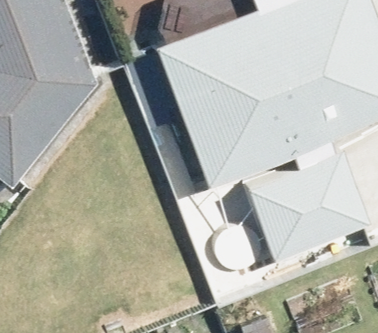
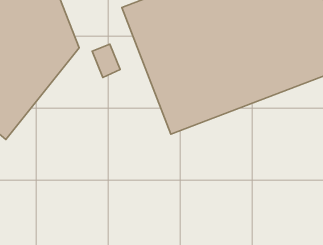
building: [243,142,368,254] -> none

